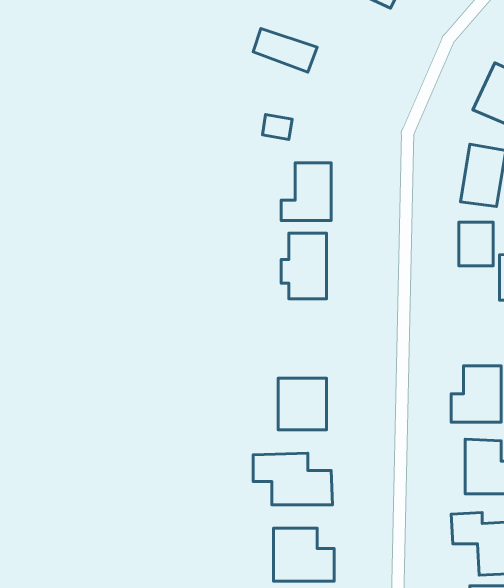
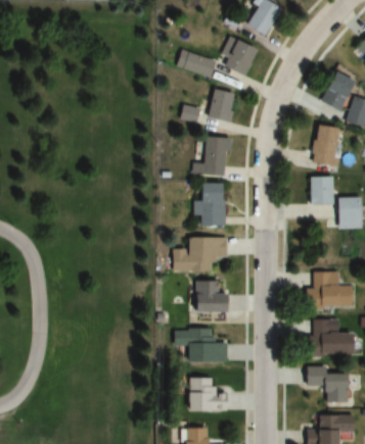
building: none -> [220,38,257,77]
building: none -> [209,90,235,122]
building: none -> [173,238,227,270]

